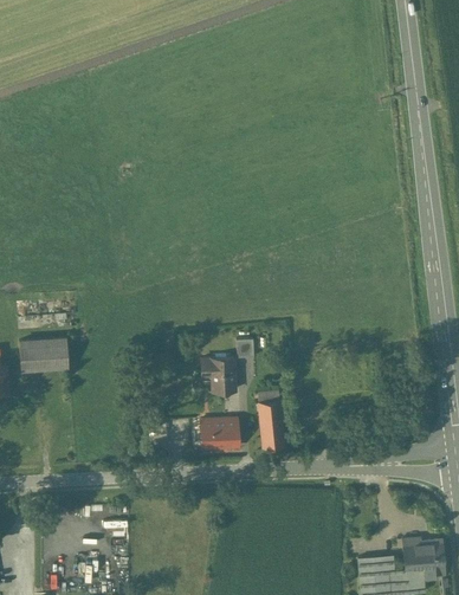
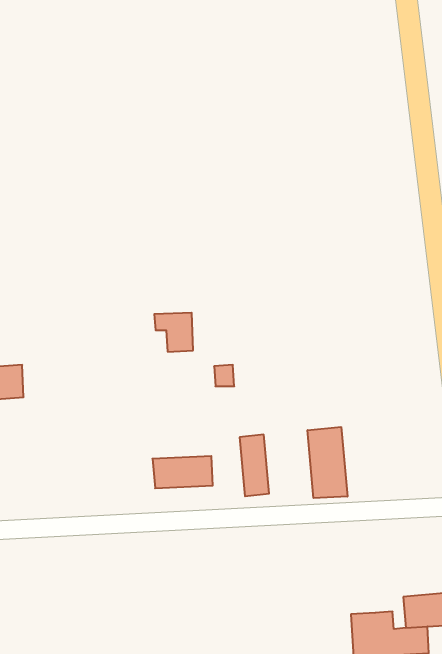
building: [200,357,234,392] -> [154,313,193,352]
building: none -> [308,427,347,498]

